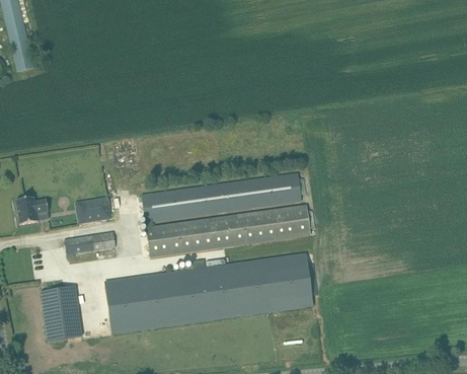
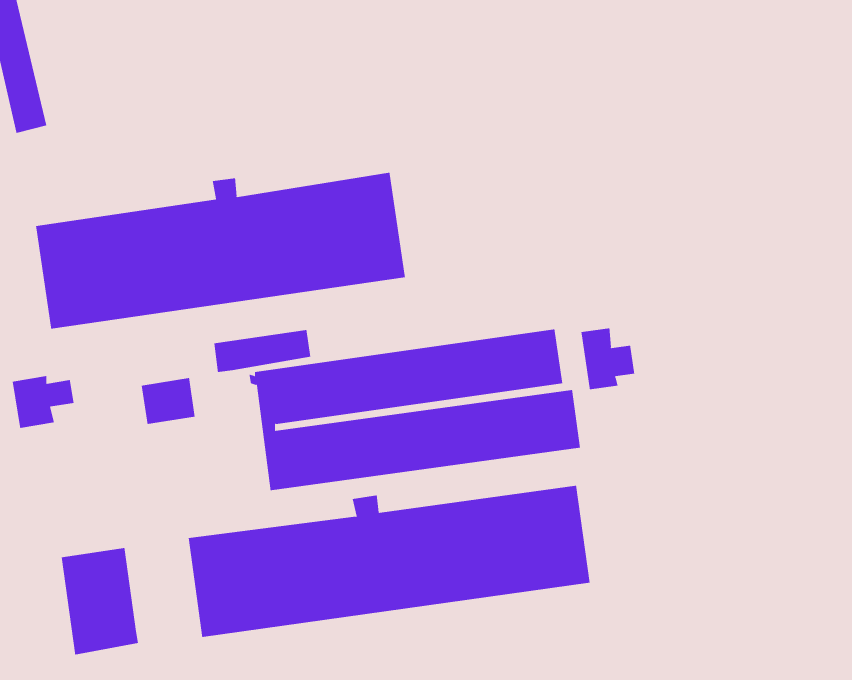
building: none -> [36,172,405,329]
building: none -> [581,328,635,390]
building: [64,232,114,254] -> [213,330,311,373]

